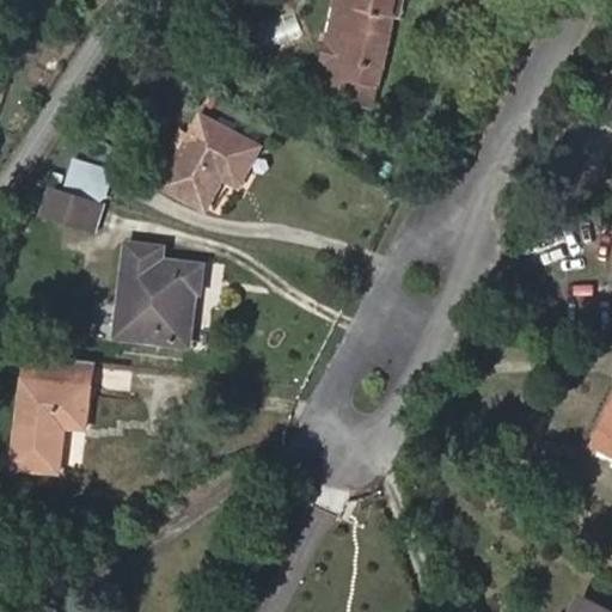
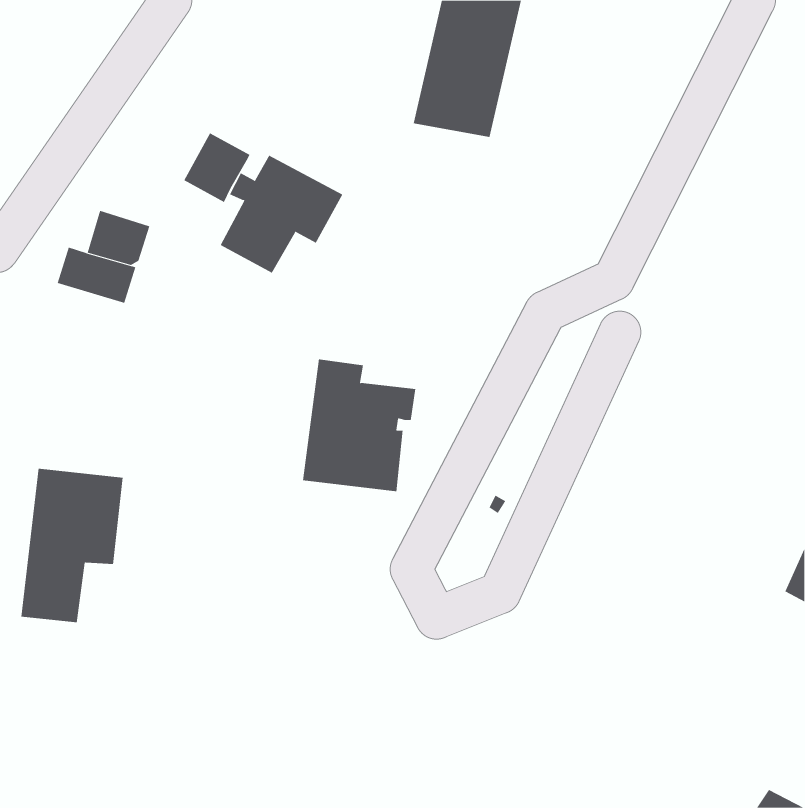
building: none -> [184,133,250,203]
building: [117,244,203,344] -> [302,359,416,492]

